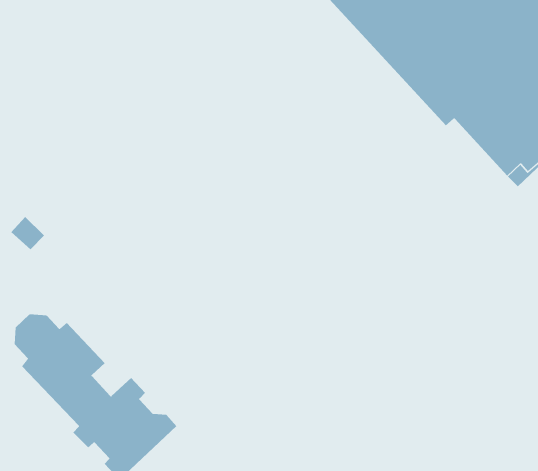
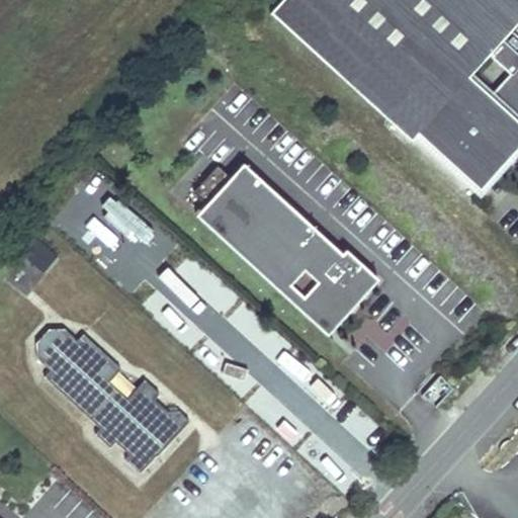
building: none -> [194,165,382,337]

